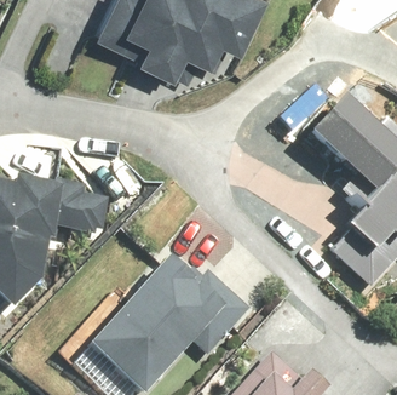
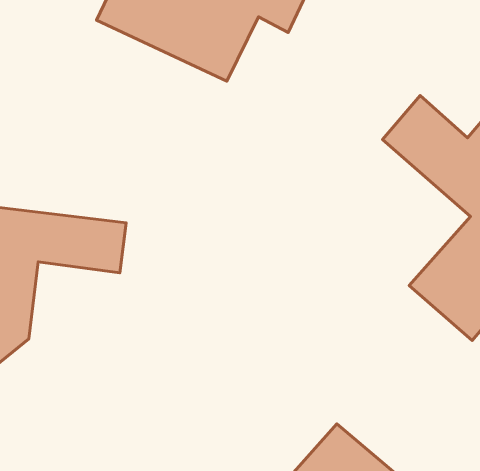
building: [97,258,252,380] -> none

